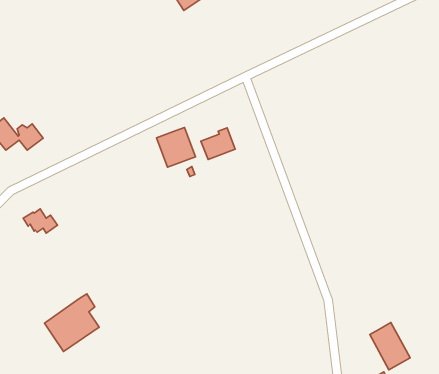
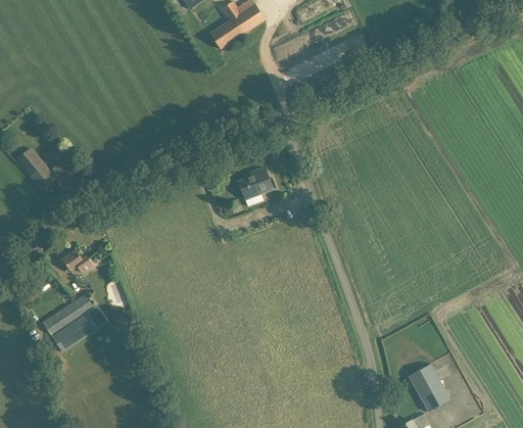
building: [156,128,196,167] -> none
building: [44,294,99,351] -> [43,293,98,351]

